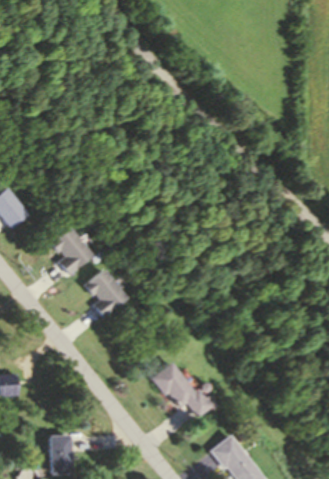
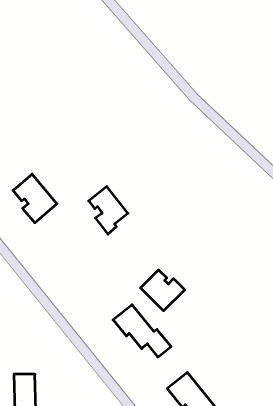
building: [85,271,126,321] -> [89,187,128,234]
building: none -> [141,270,185,311]

